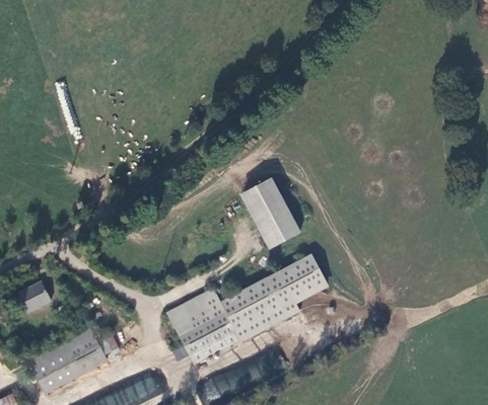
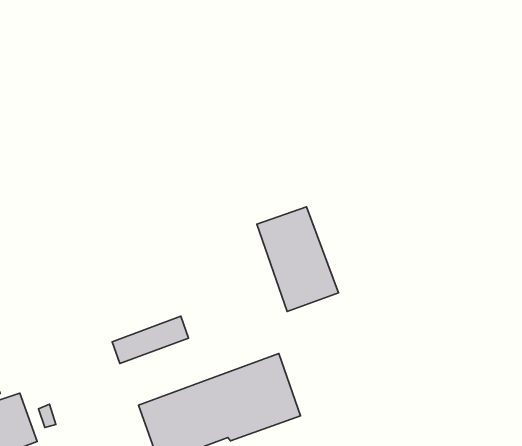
building: [266,254,327,319] -> none
building: [167,289,219,326] -> [112,316,189,363]

